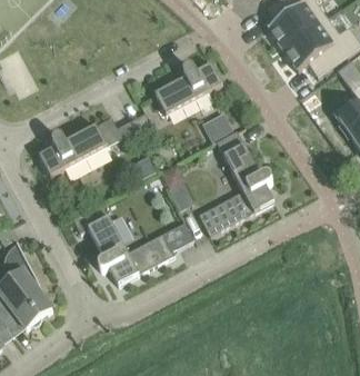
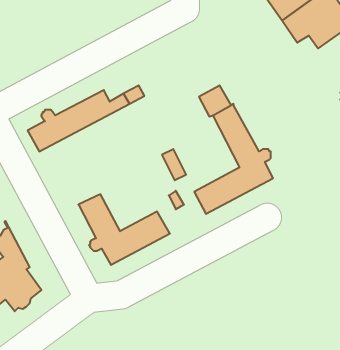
building: [154,62,223,113] -> none

